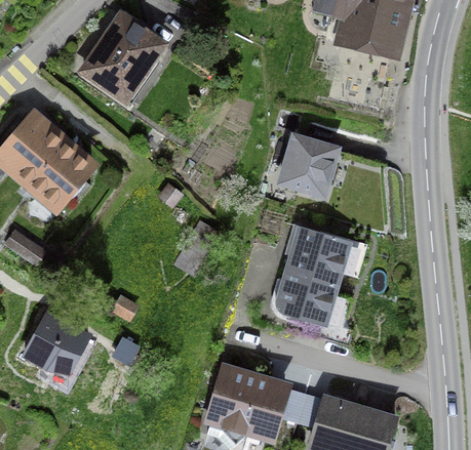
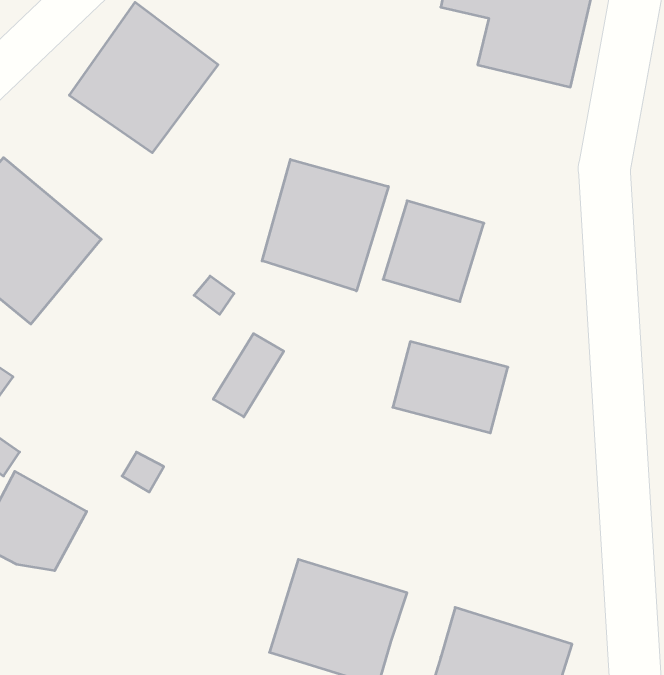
building: none -> [262,159,388,291]
building: [271,267,346,328] -> none
building: [282,385,323,426] -> none

